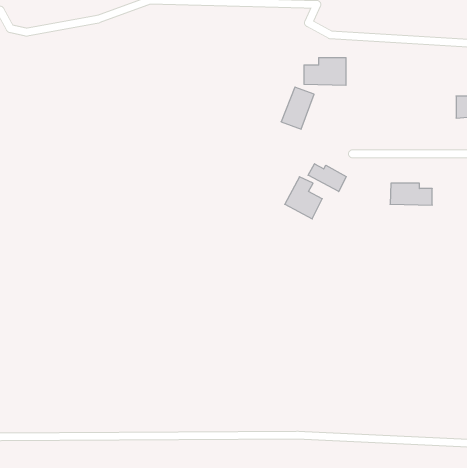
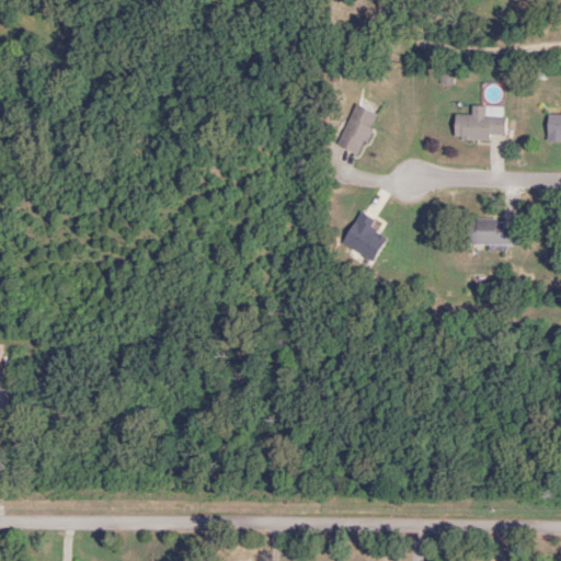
building: [304,58,346,85] -> [455,106,505,139]
building: [308,164,346,192] -> none

